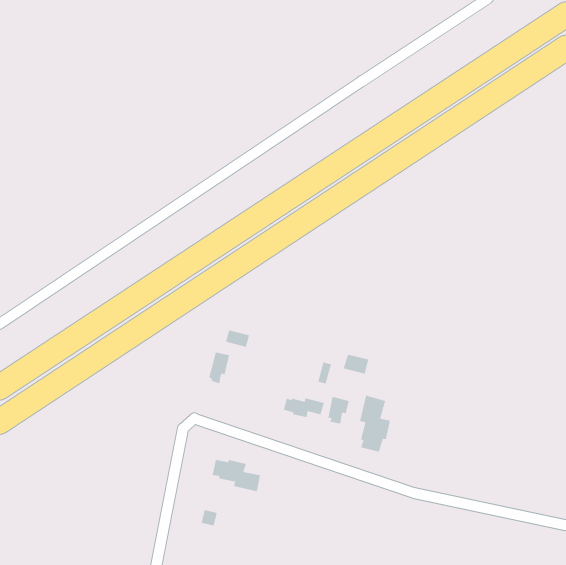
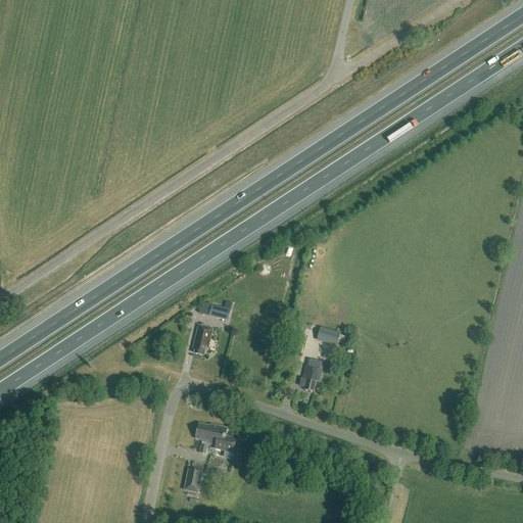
building: [359,395,390,453] -> none
building: [283,398,324,418] -> none

